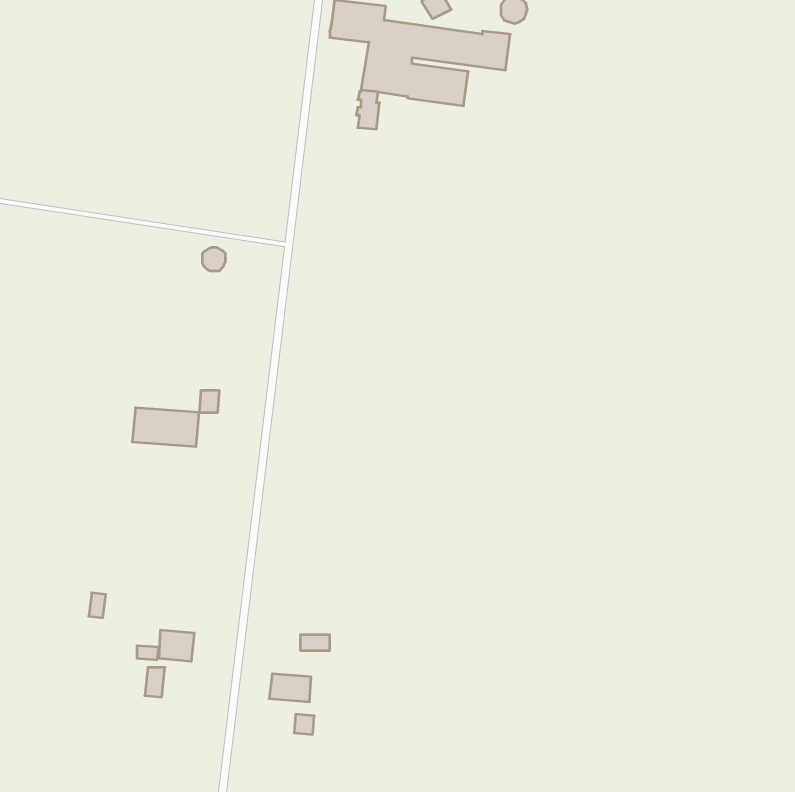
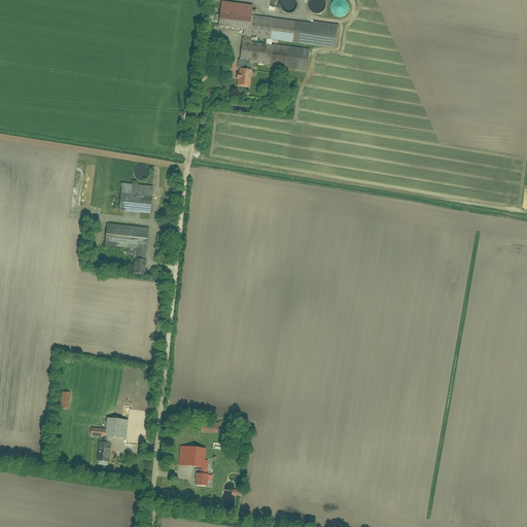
building: none -> [118,183,151,212]
building: [132,408,199,447] -> [104,223,148,249]

